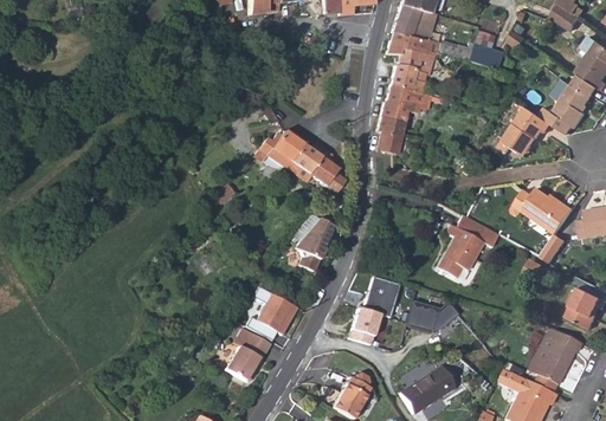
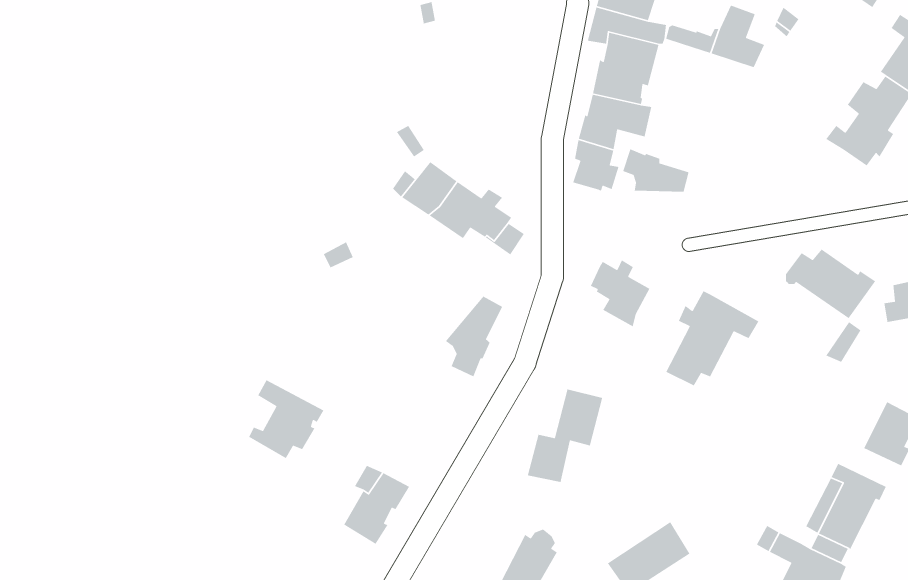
building: [505,106,554,153] -> none
building: none -> [622,148,690,193]
building: none -> [590,259,651,327]
building: [249,289,298,341] -> [248,379,324,459]
building: [407,302,458,333] -> none

